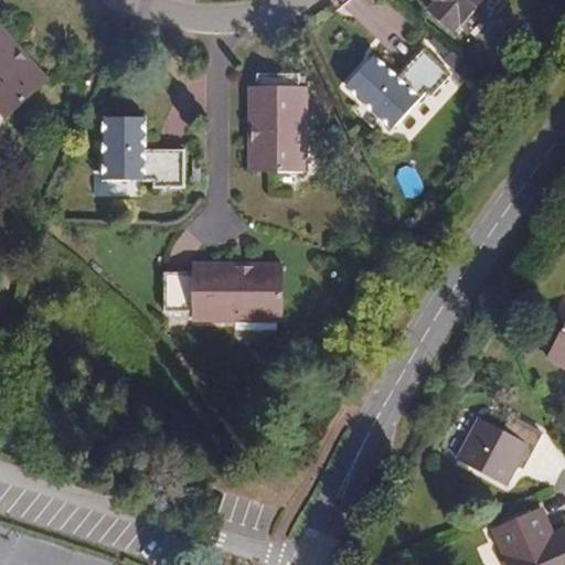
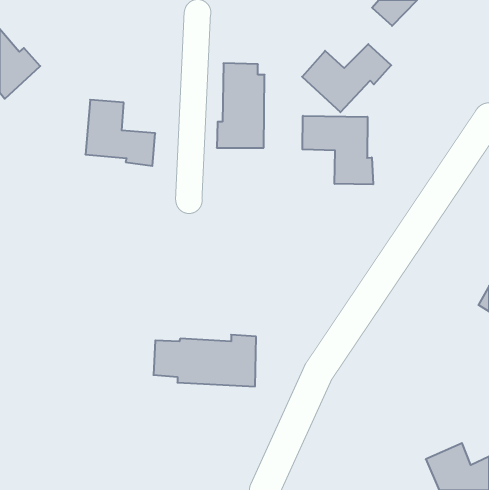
building: none -> [302,116,373,184]
building: [160,263,278,322] -> [153,335,256,386]
building: [457,415,541,481] -> none

